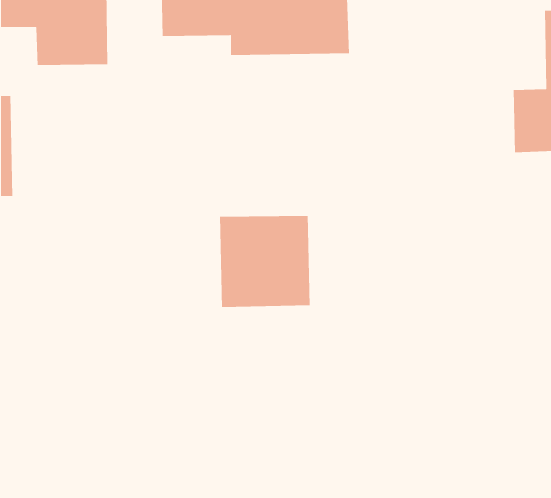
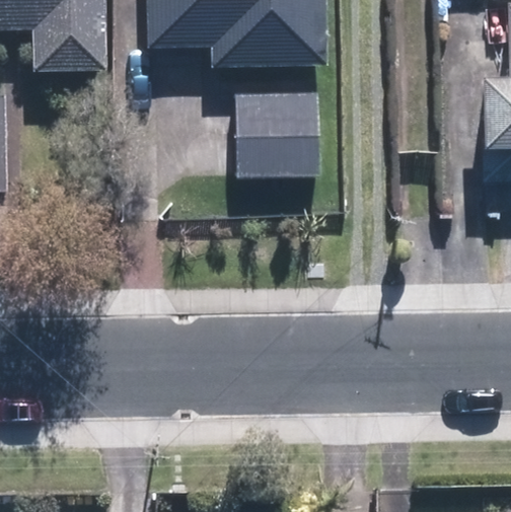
building: [219,215,311,308] -> [235,97,318,181]

